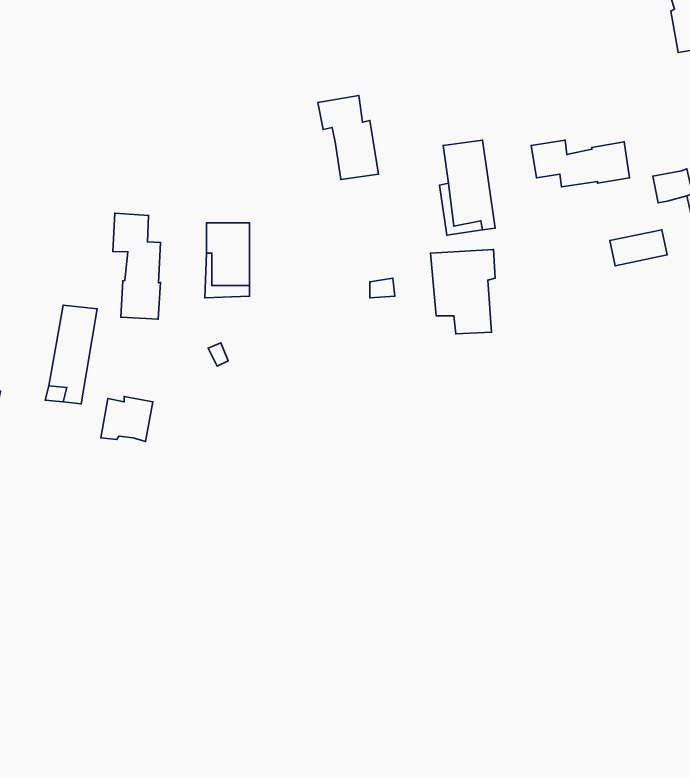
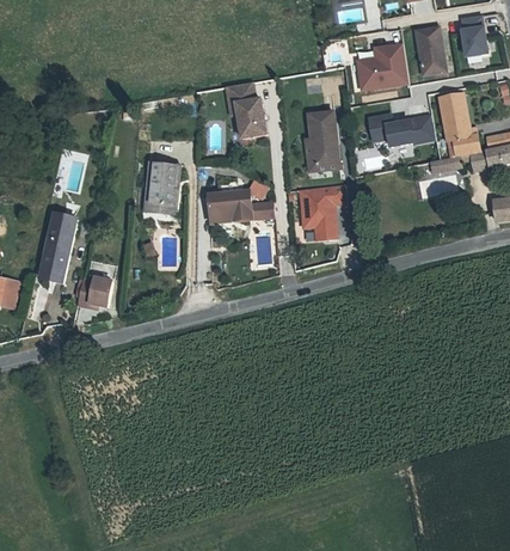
building: none -> [413,24,444,72]
building: none -> [357,44,407,88]
building: none -> [437,90,466,135]
building: [113,213,160,319] -> none
building: none -> [209,192,253,224]

